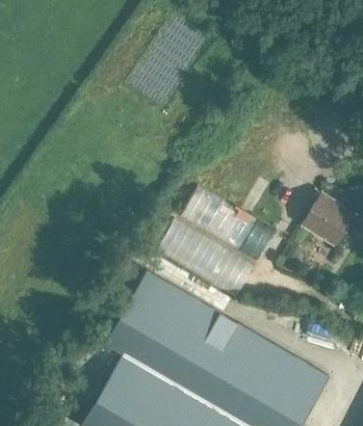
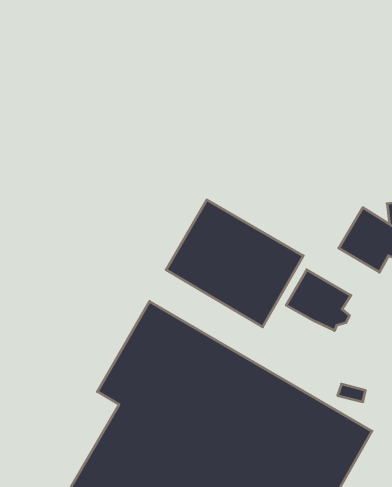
building: none -> [286,270,351,331]

